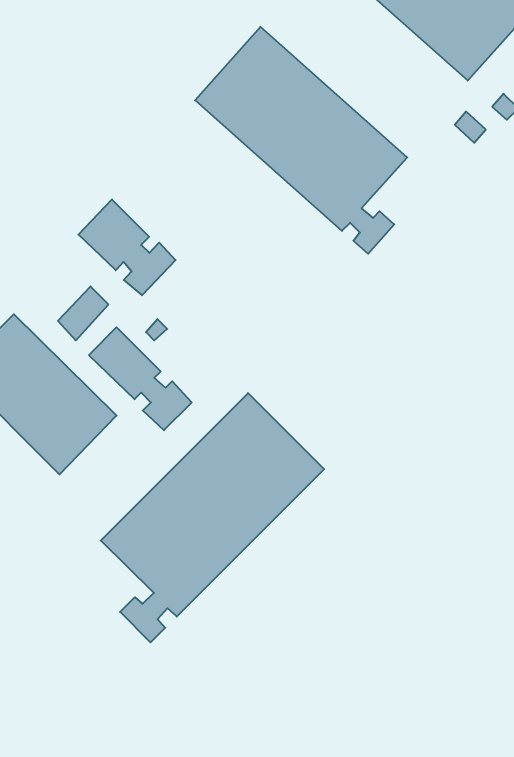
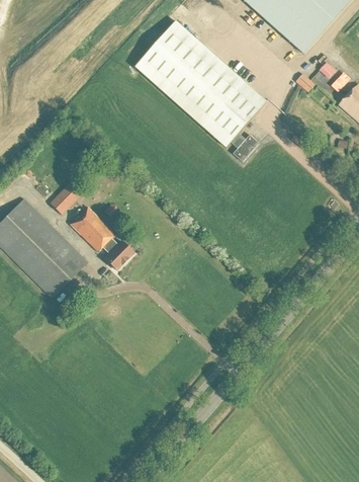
building: [78,199,176,295] -> none
building: [101,393,324,642] -> none

